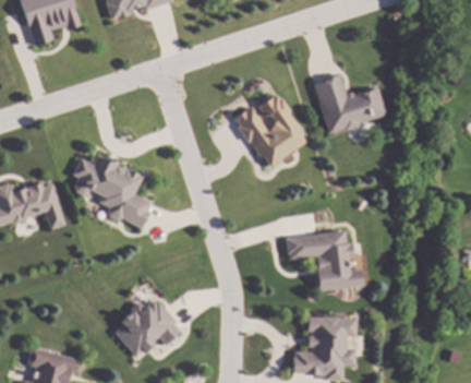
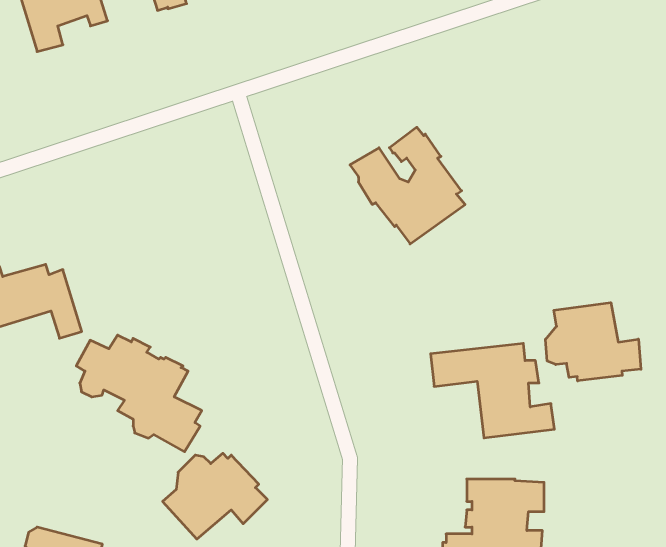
building: [313,72,386,132] -> none
building: [73,154,153,228] -> [76,335,202,452]
building: none -> [545,303,641,381]

